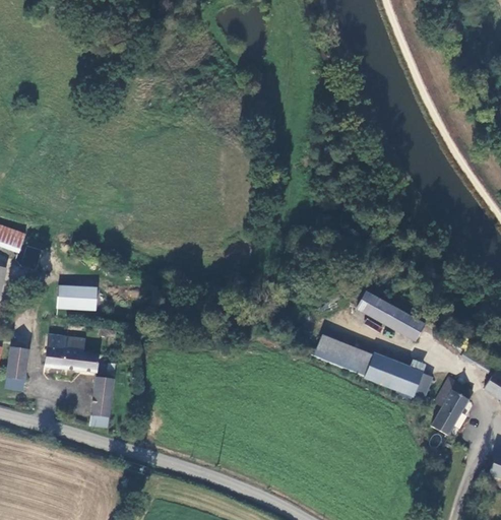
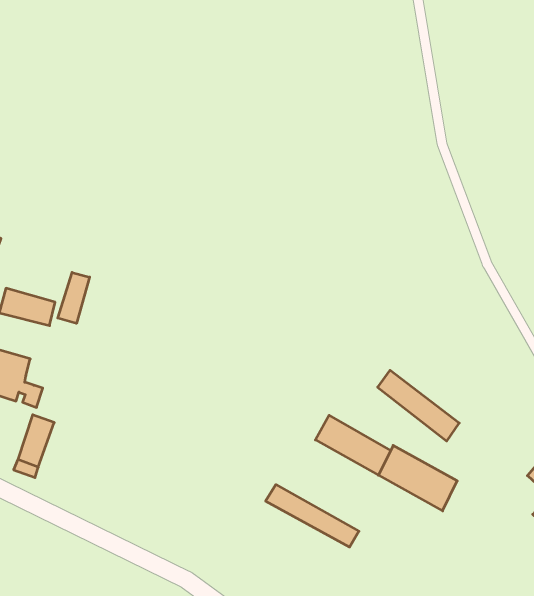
building: none -> [58,272,90,323]
building: [433,375,474,433] -> none
building: none -> [266,485,359,547]

